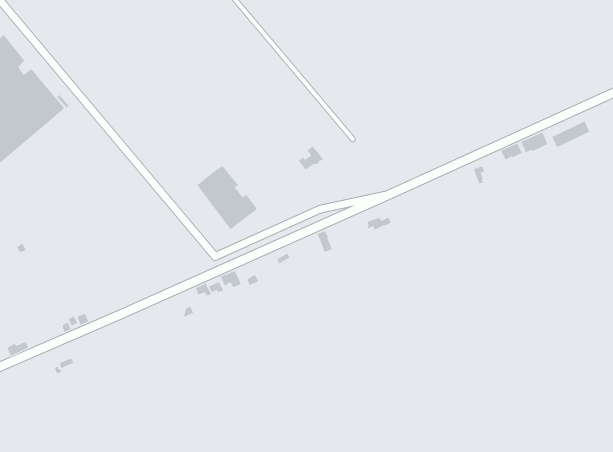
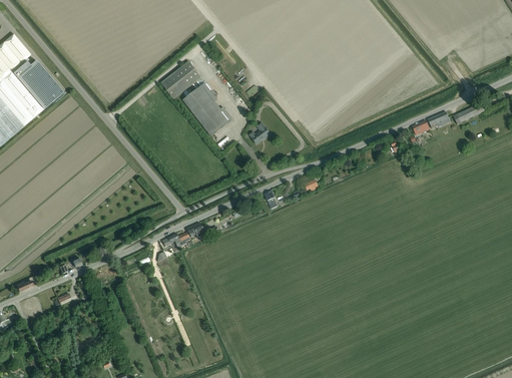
building: none -> [159,61,200,99]
building: [197,165,258,230] -> [182,84,231,136]

